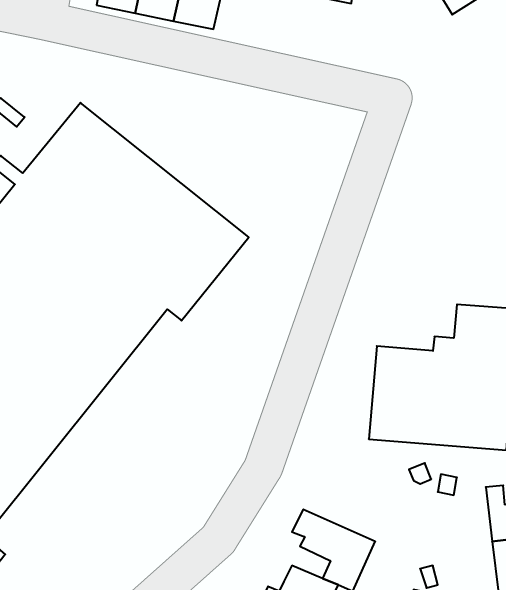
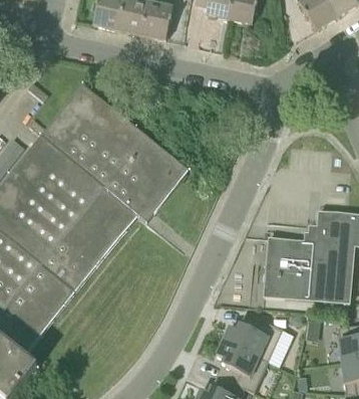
building: none -> [223,313,282,361]

